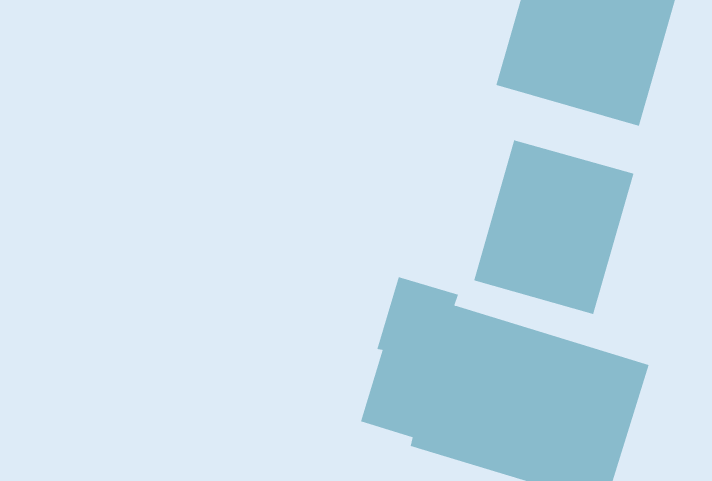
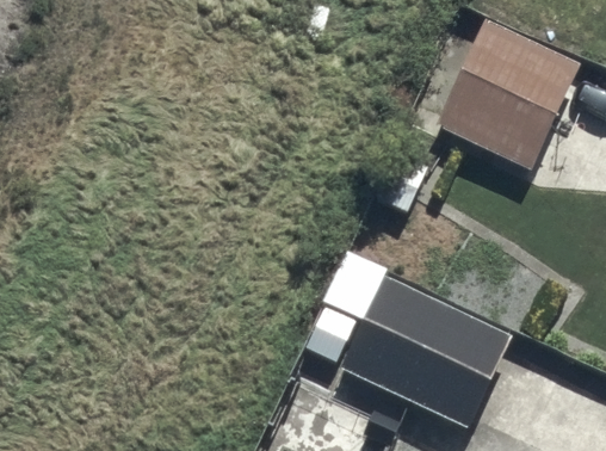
building: [473,139,634,315] -> none

